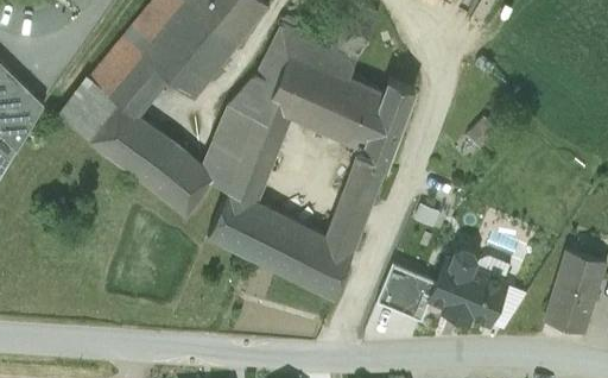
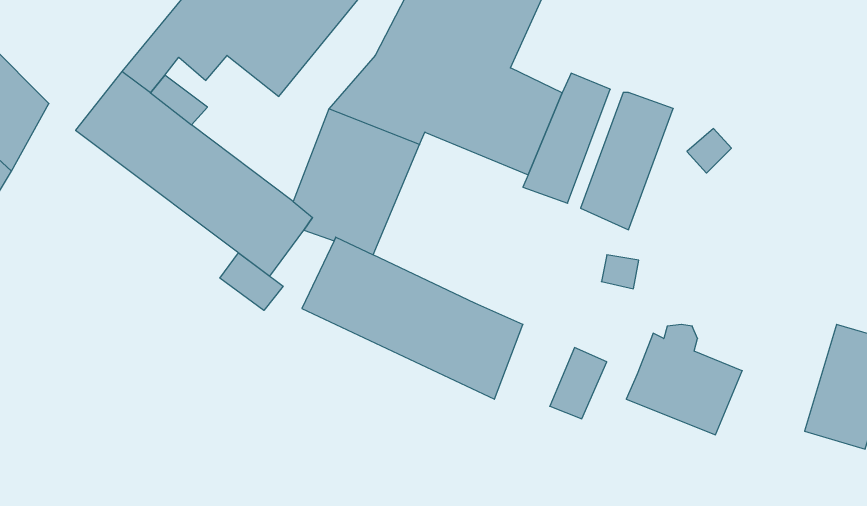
building: [325,158,387,250] -> [581,93,673,230]
building: none -> [220,253,283,310]
building: [397,275,433,321] -> none

